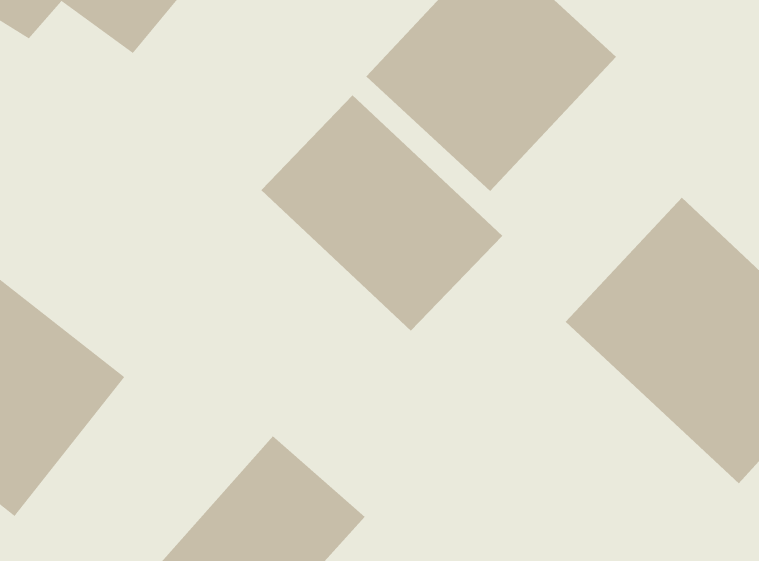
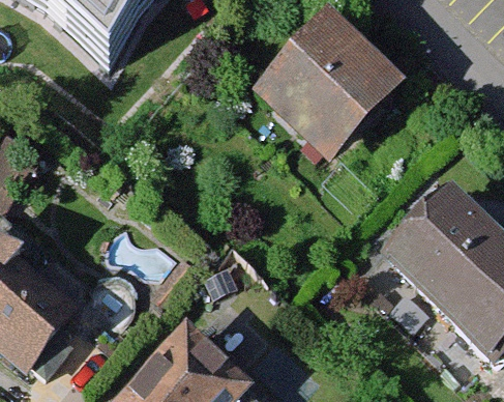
building: [260,94,503,332] -> none

